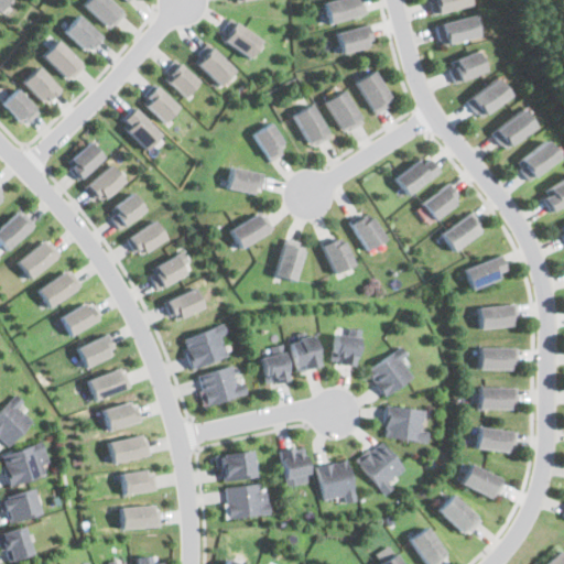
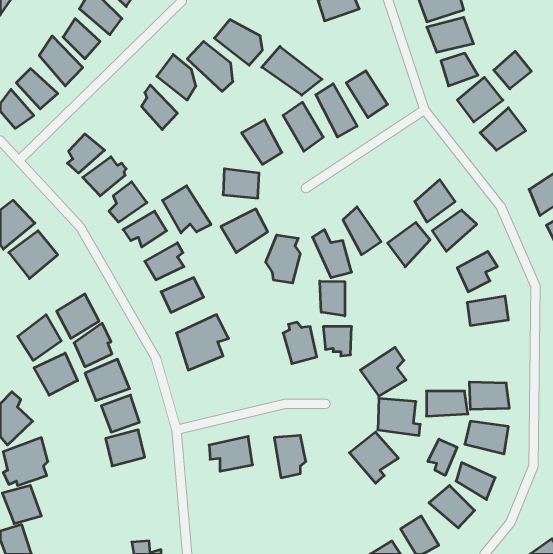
building: [338,22,373,50] -> none
building: none -> [262,46,322,95]
building: none -> [494,51,531,89]
building: [123,109,163,153] -> none
building: [516,139,558,184] -> none
building: [395,159,438,204] -> [388,222,430,267]
building: none -> [162,186,211,233]
building: [37,265,82,312] -> [18,315,61,360]
building: none -> [320,281,345,316]
building: [261,336,292,381] -> none
building: [477,347,519,372] -> [426,391,468,416]
building: none -> [34,353,78,395]
building: [197,368,254,412] -> none
building: none -> [428,439,457,475]
building: [316,451,356,500] -> none
building: [123,470,158,503] -> none
building: [226,478,272,514] -> none
building: [121,506,160,541] -> none

